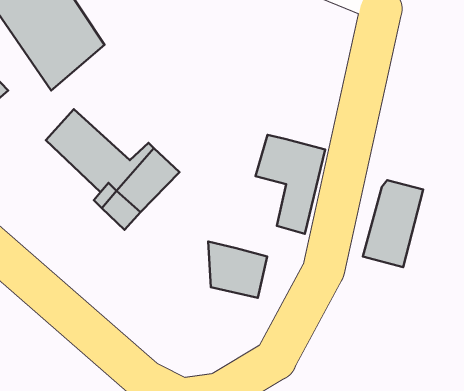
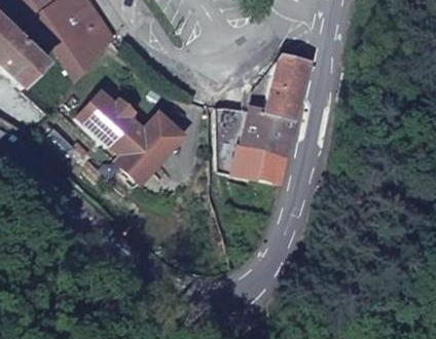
building: [363,180,423,267] -> [261,52,307,119]
building: [208,242,267,298] -> [217,135,262,178]

